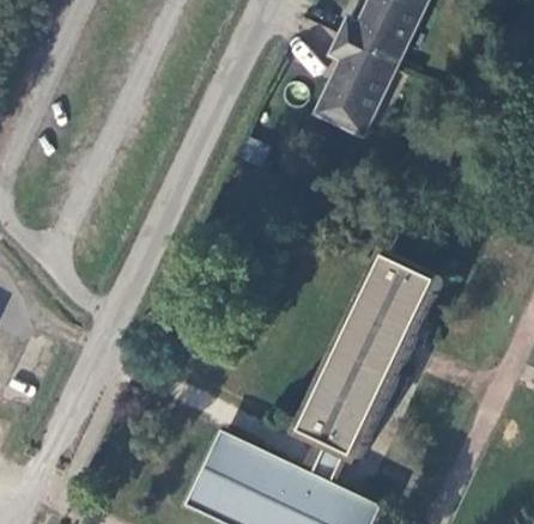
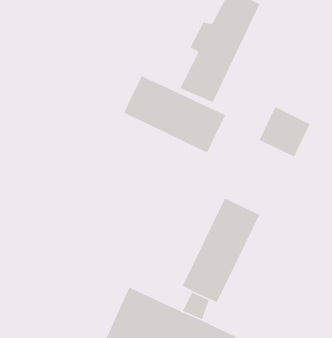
building: none -> [124,75,226,153]
building: [368,244,444,319] -> [258,106,311,158]

